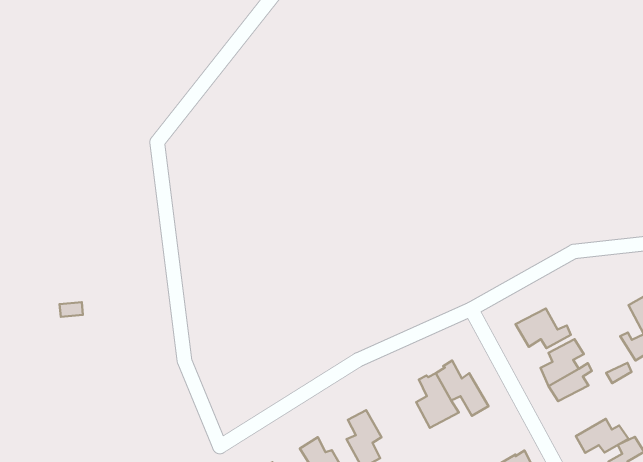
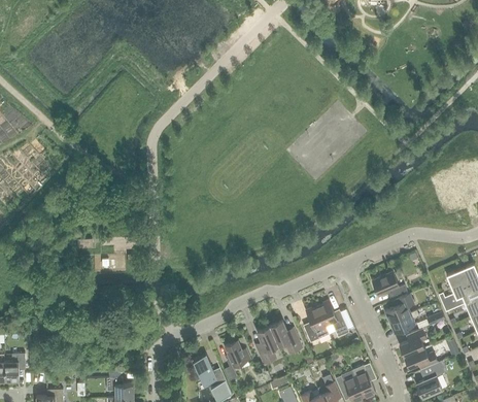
building: none -> [399,329,425,357]
building: none -> [269,321,301,354]

